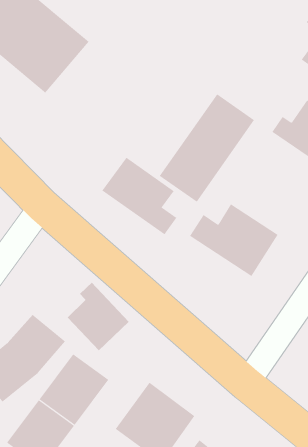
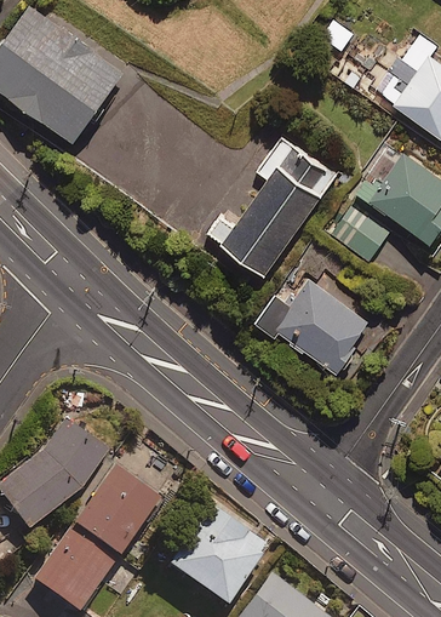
building: none -> [332,204,391,262]
building: [101,157,177,235] -> none
building: [67,282,130,351] -> none

